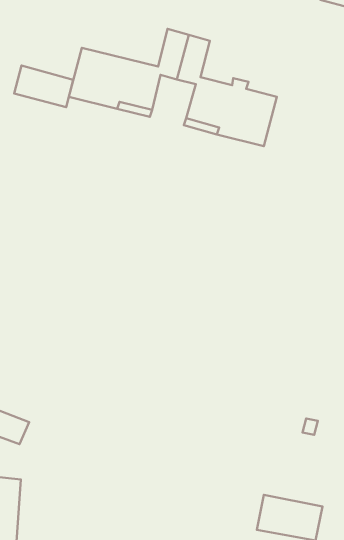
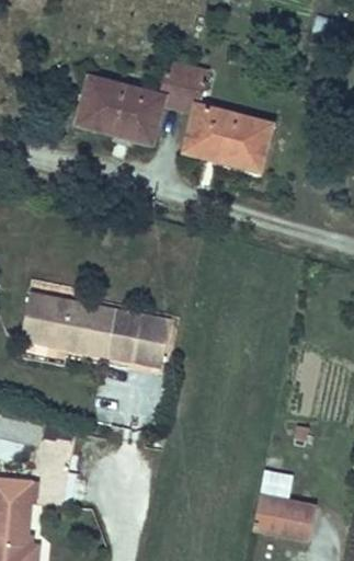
building: [14,65,73,107] -> none
building: none -> [21,294,170,367]

